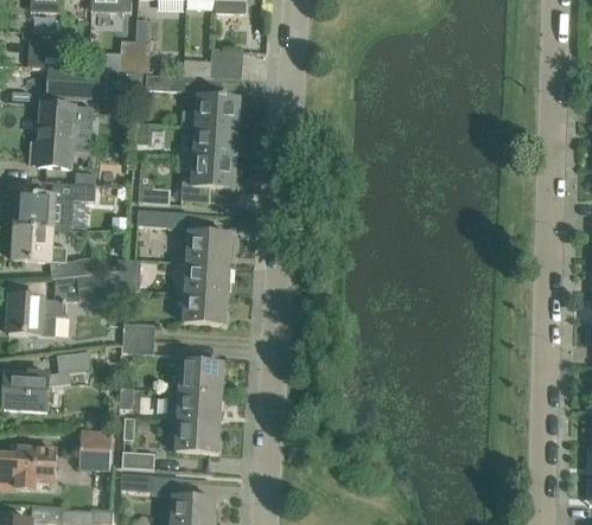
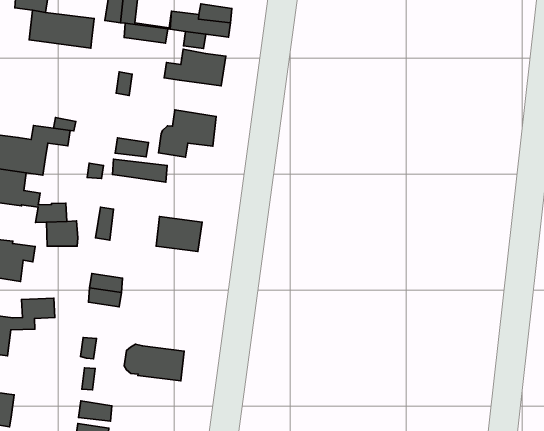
building: [28,103,91,168] -> none
building: [193,126,237,159] -> none
building: [186,231,230,264] -> none
building: [183,292,227,325] -> none
building: [167,353,223,393] -> none
building: [176,421,219,454] -> none
building: [78,430,112,470] -> none

